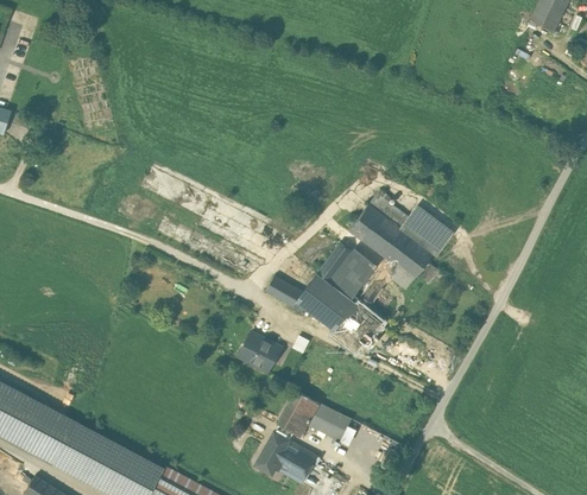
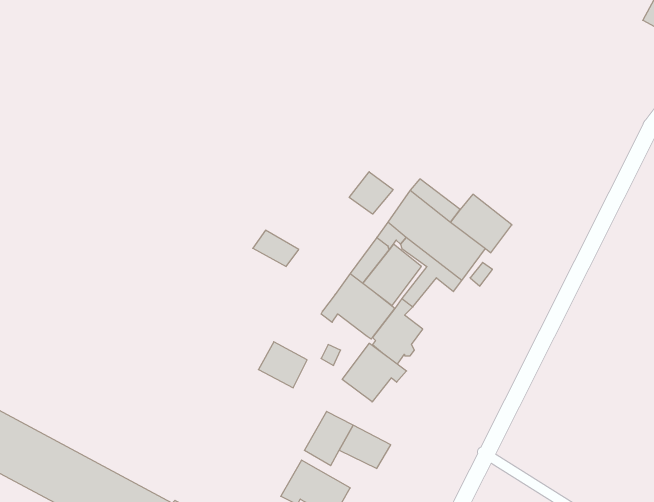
building: none -> [349,172,393,214]
building: [264,275,303,306] -> [253,230,299,266]
building: none -> [342,343,407,402]

